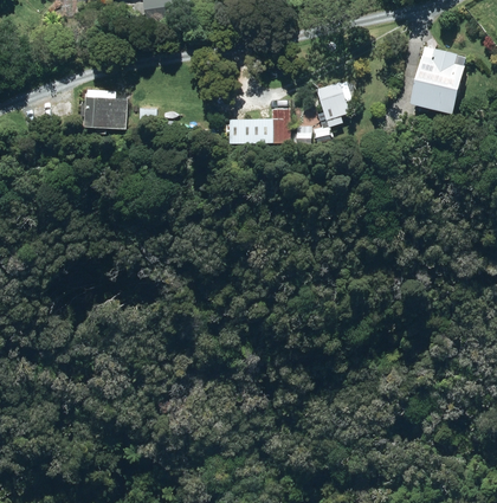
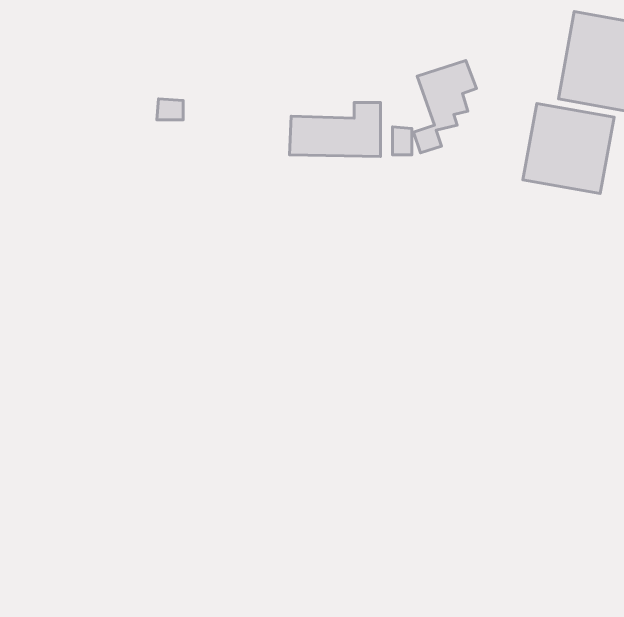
building: [83,90,127,130] -> none
building: none -> [523,103,614,194]

